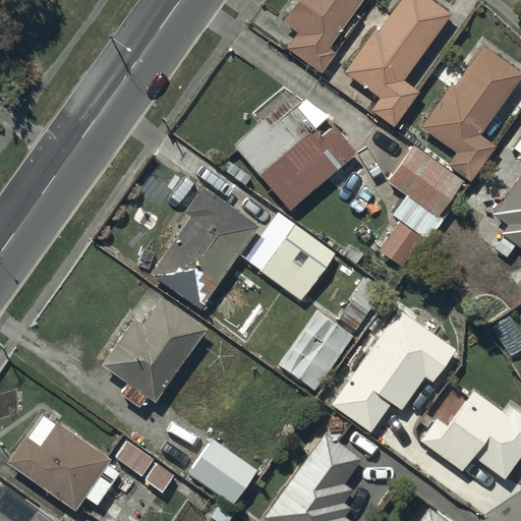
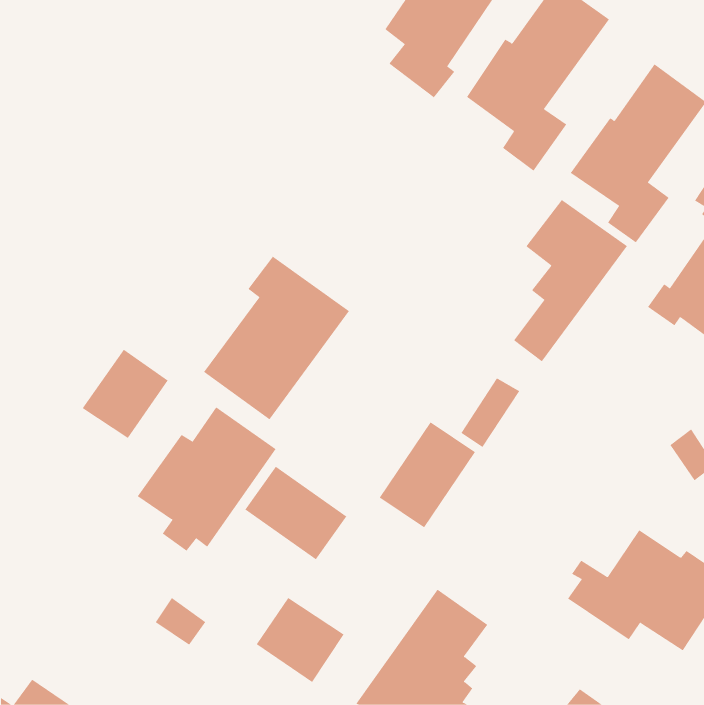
building: [234,101,355,211] -> none
building: [250,216,335,298] -> none
building: none -> [82,349,168,439]
building: [333,309,457,432] -> none
building: none -> [245,466,347,560]
building: [6,416,118,511] -> none

